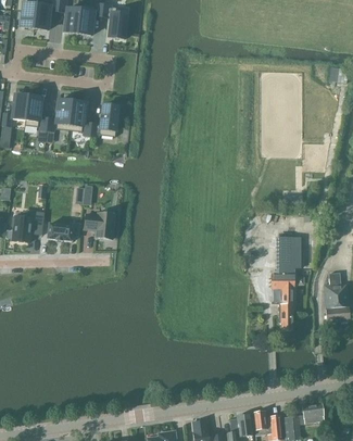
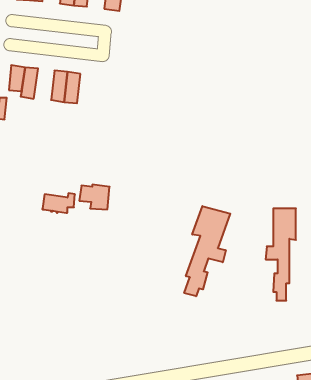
building: [90,104,118,136] -> none
building: [11,211,45,242] -> none
building: none -> [184,206,230,296]

